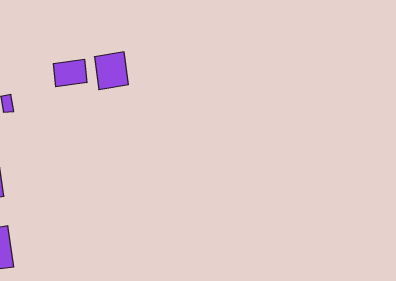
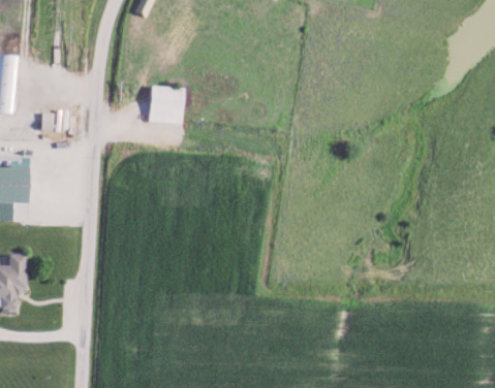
building: [53,59,87,87] -> none

